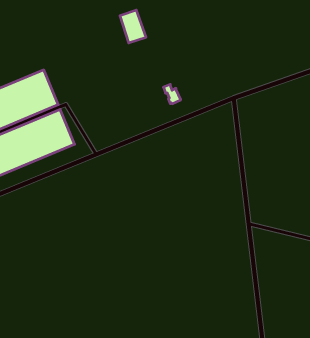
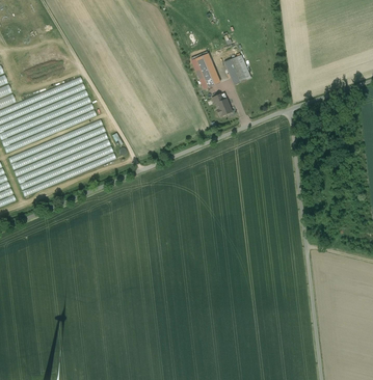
building: [120,10,146,43] -> [191,52,219,87]
building: none -> [222,53,249,84]

